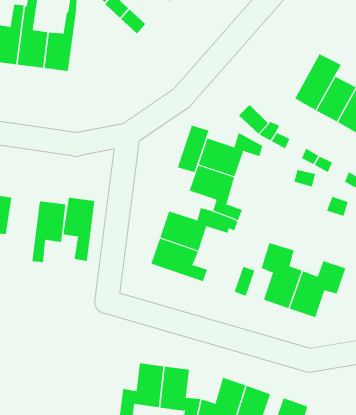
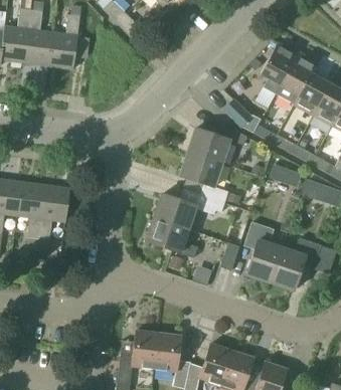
building: none -> [262,42,297,93]
building: [177,125,209,173] -> none
building: [63,197,95,261] -> [17,182,46,239]

